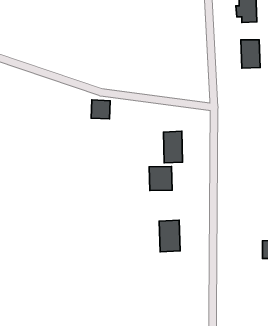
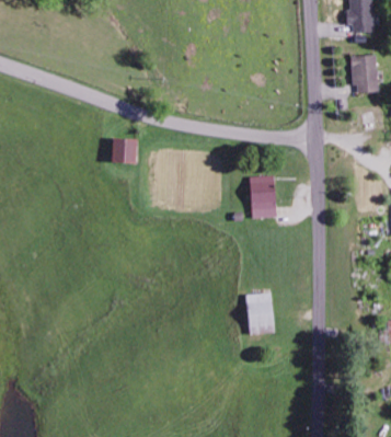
building: [91,100,110,119] -> [111,138,136,163]
building: [149,167,172,190] -> none

